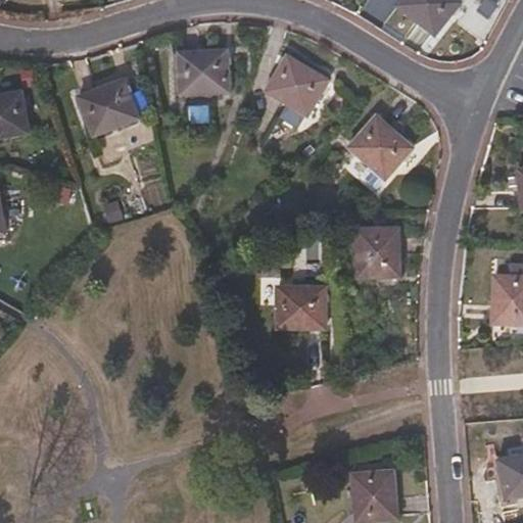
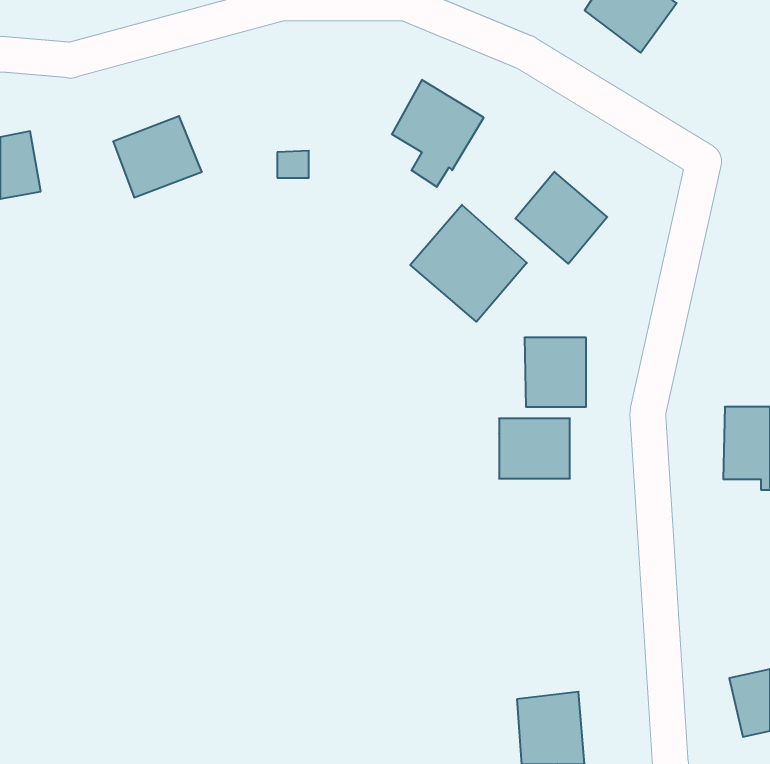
building: [178,50,227,94] -> none
building: none -> [410,205,527,322]
building: [276,286,324,327] -> [499,418,570,479]

